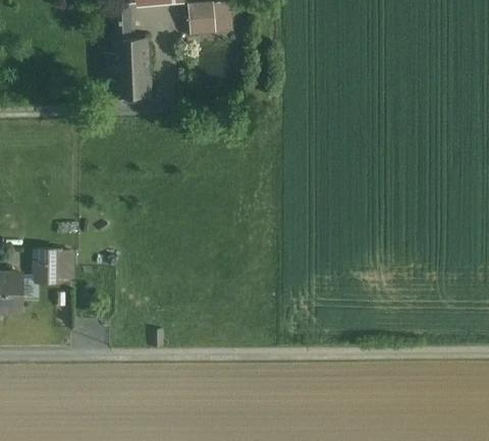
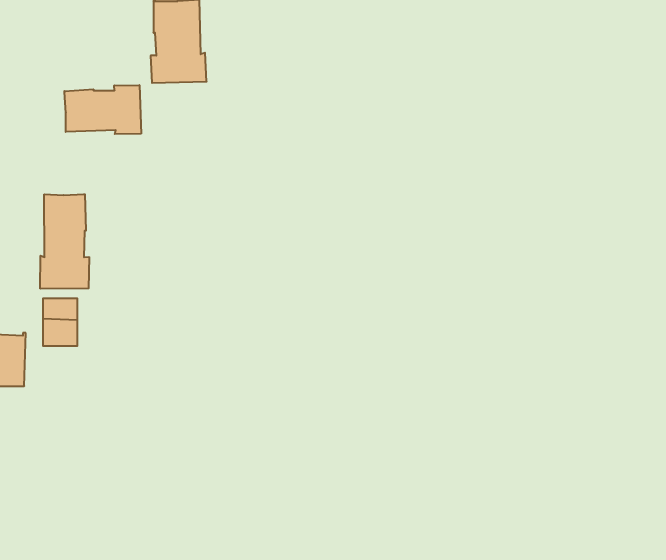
building: none -> [64,85,141,134]
building: none -> [40,194,89,289]

